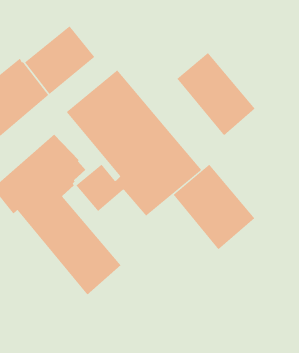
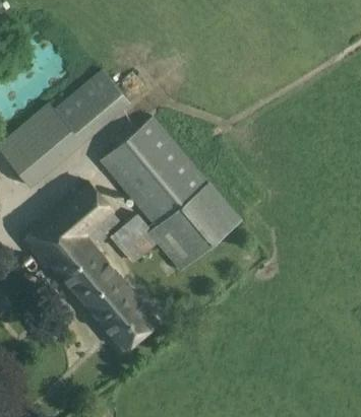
building: [176,52,256,136] -> none
building: [173,164,255,250] -> none

